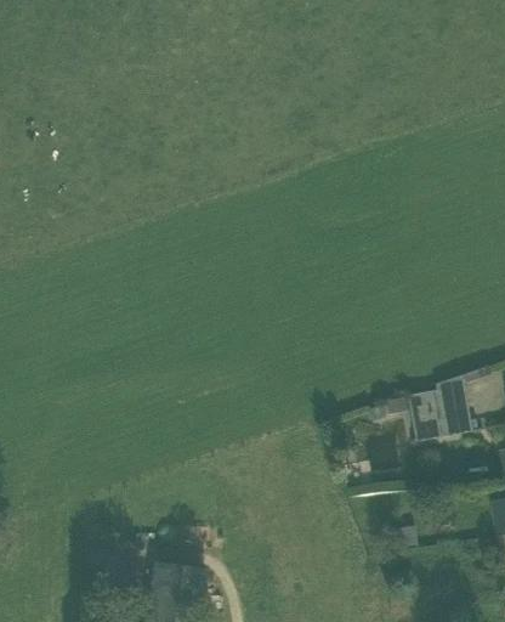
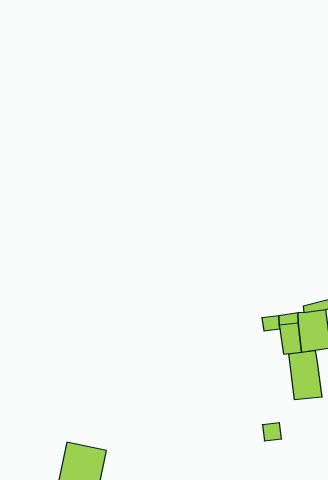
building: none -> [289,350,322,400]

